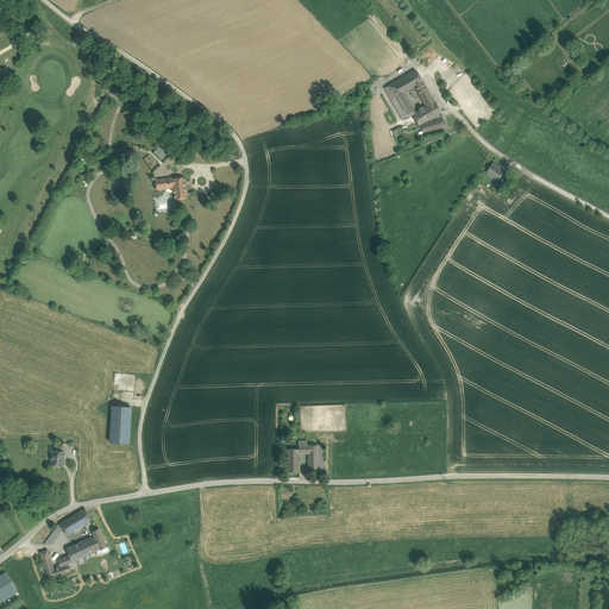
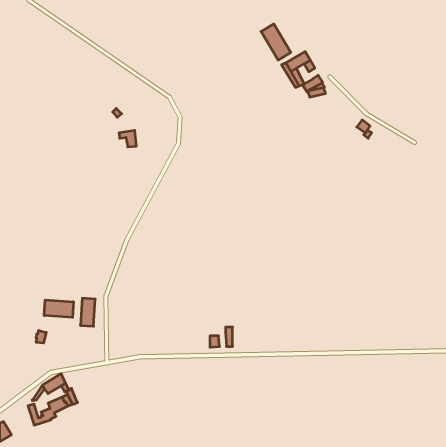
building: none -> [261,24,291,60]
building: none -> [44,300,73,317]

